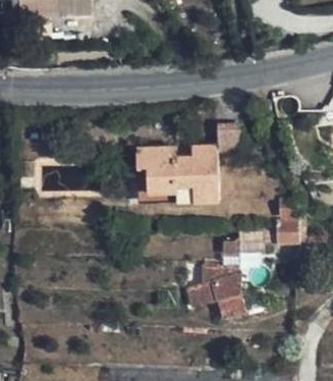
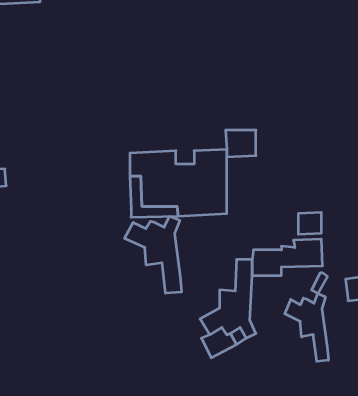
building: none -> [125,216,181,293]
building: none -> [285,294,328,361]

